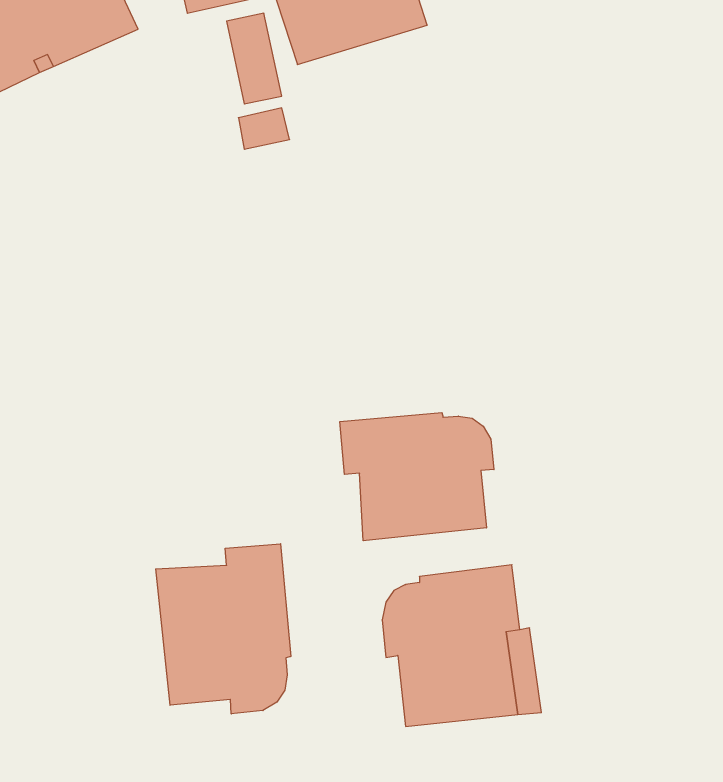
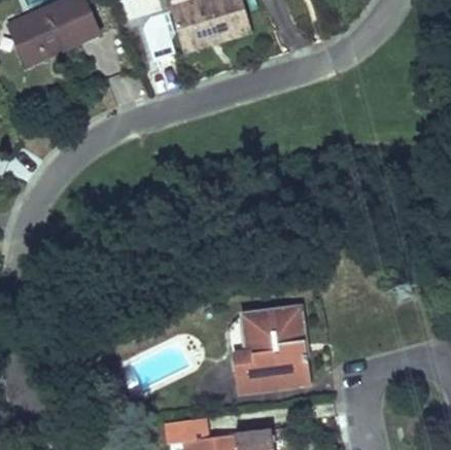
building: [340,413,494,541] -> none
building: [156,544,291,714] -> none

